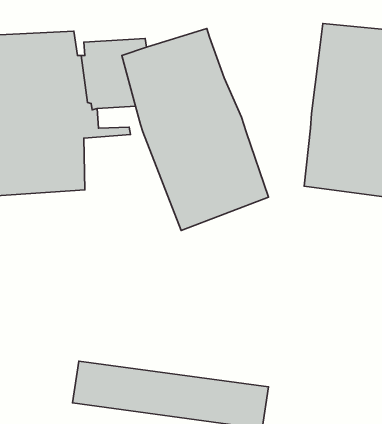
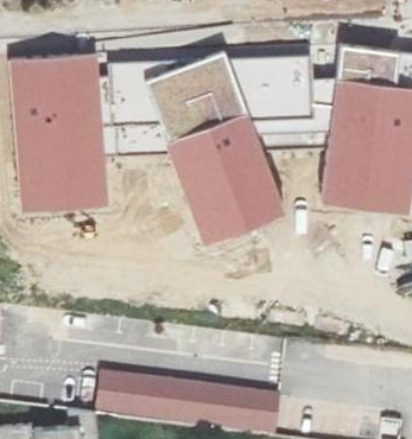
building: none -> [226,55,331,149]

